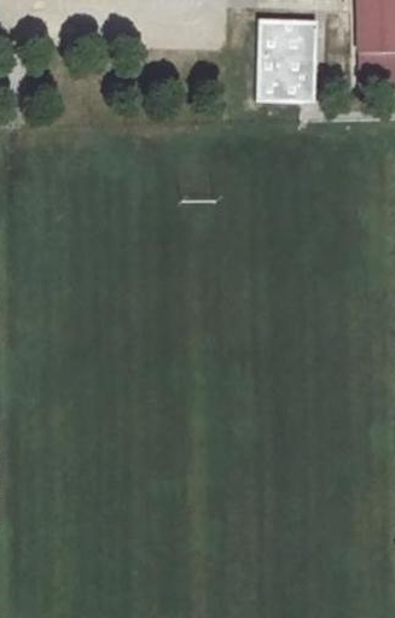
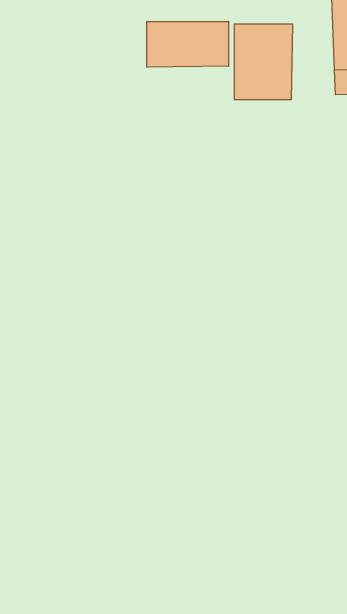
building: none -> [147,21,229,67]

